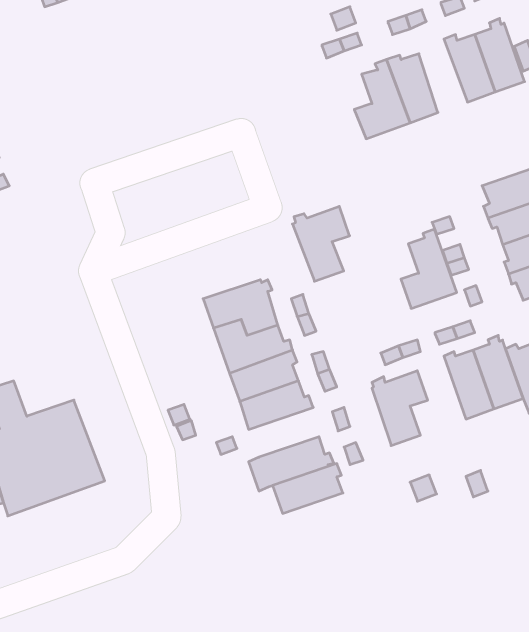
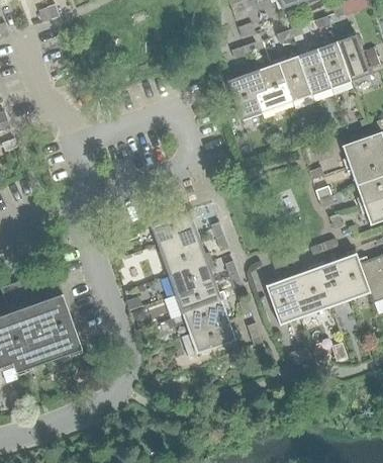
building: none -> [298,45,331,96]
building: [292,206,350,281] -> [226,70,266,121]
building: [401,229,457,308] -> [292,264,330,318]
building: [272,464,343,513] -> [181,299,229,334]

